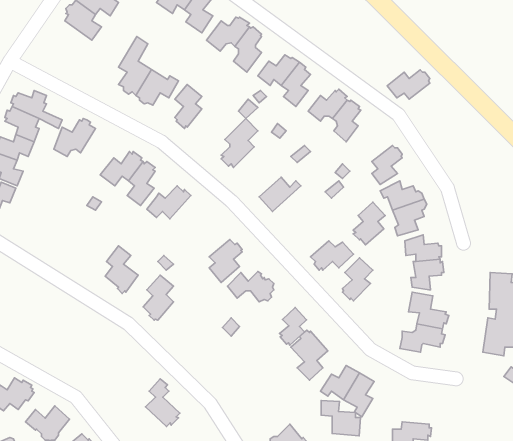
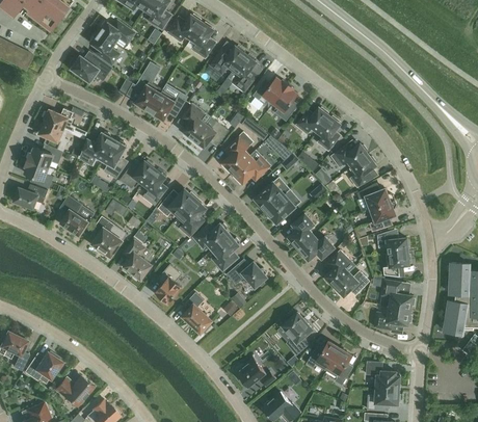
building: none -> [71,54,112,81]
building: [387,70,430,99] -> [331,142,368,167]
building: none -> [193,121,230,148]
building: none -> [103,139,127,178]
building: none -> [233,150,271,183]
building: none -> [266,188,295,222]
building: none -> [60,195,88,235]
building: none -> [179,196,206,236]
building: [353,202,385,245] -> [288,212,315,248]
building: none -> [92,216,123,257]
building: none -> [194,222,230,248]
building: none -> [335,271,369,295]
building: [280,307,307,345] -> none
building: [146,379,180,427] -> [183,291,212,332]
building: none -> [236,358,275,386]
building: [321,400,360,436] -> [367,361,400,391]

